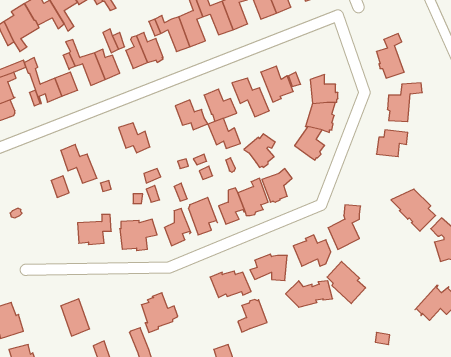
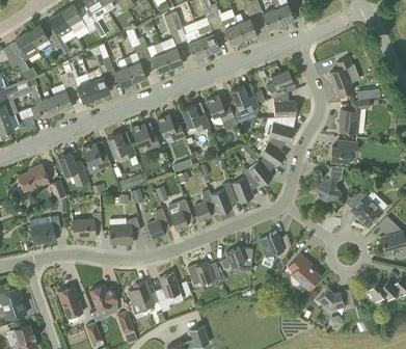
building: none -> [267,70,294,98]
building: [208,118,240,148] -> [132,124,160,150]
building: none -> [83,143,111,173]
building: [244,134,275,167] -> [247,157,274,186]
building: none -> [18,164,49,191]
building: [328,205,361,249] -> [315,166,343,205]
building: none -> [31,215,61,244]
building: [286,281,333,307] -> [318,289,358,312]
building: none -> [89,285,118,316]
building: [238,300,267,332] -> [156,272,181,300]

